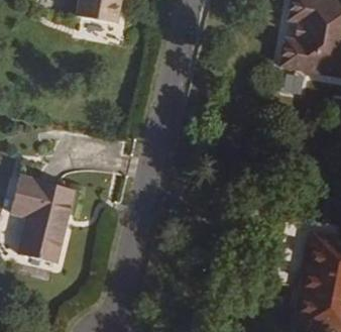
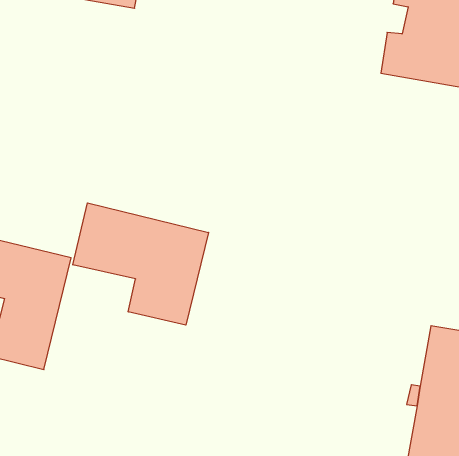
building: none -> [73,203,209,325]

